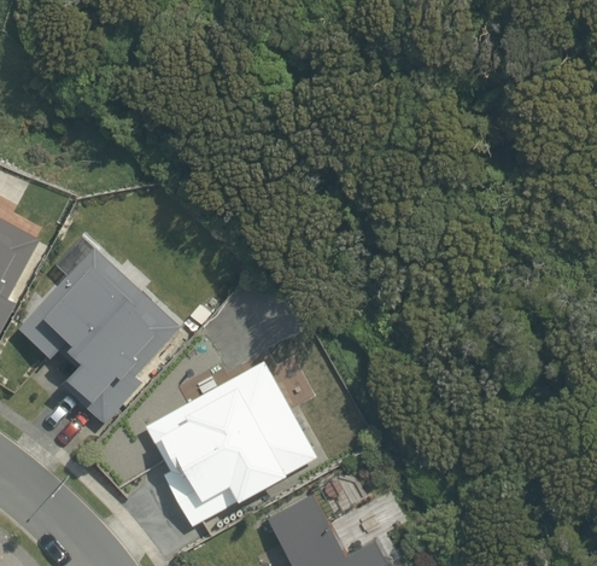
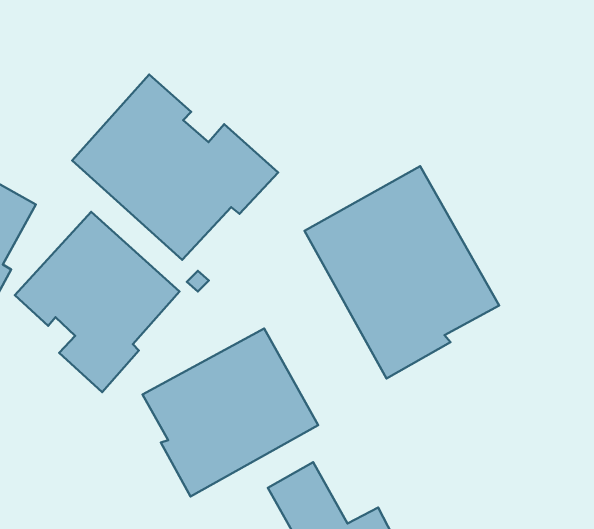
building: none -> [72,75,278,260]
building: none -> [304,166,499,378]

